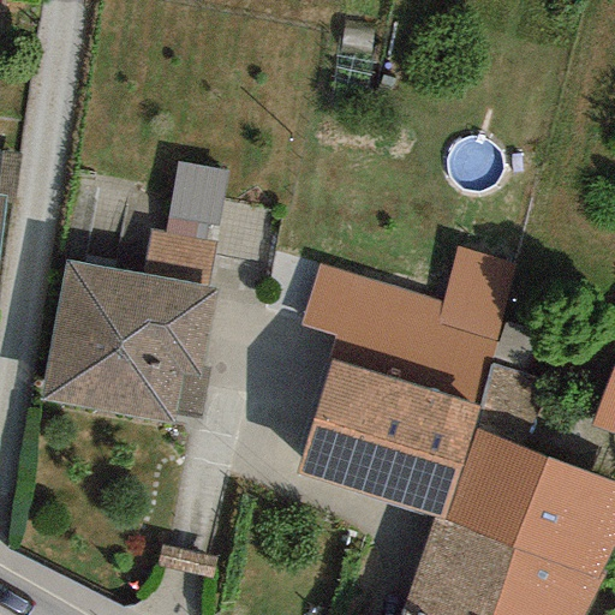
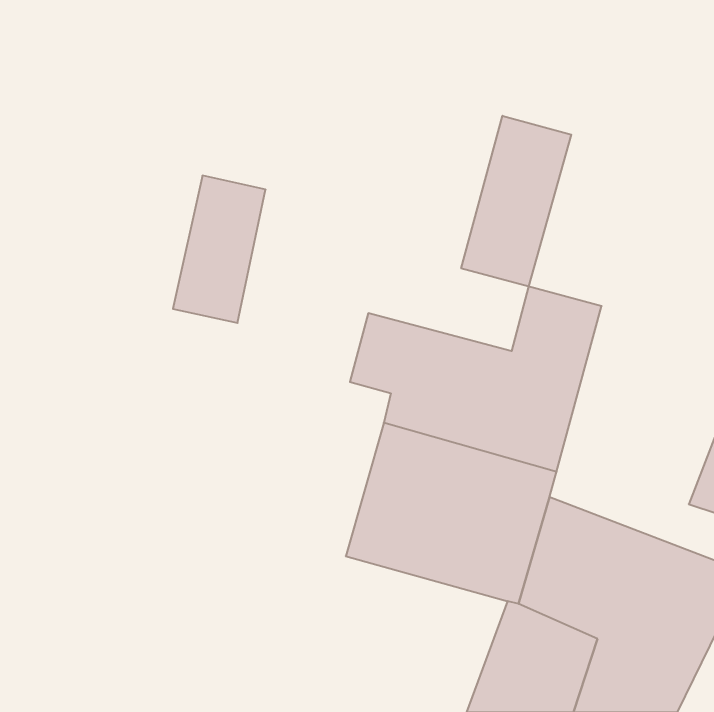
building: none -> [461,116,571,286]
building: [43,264,217,426] -> none

